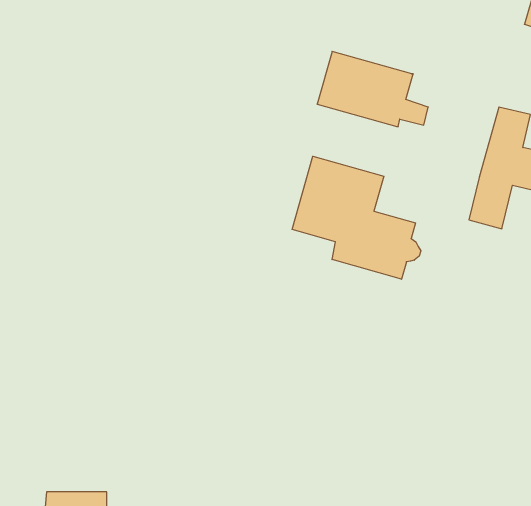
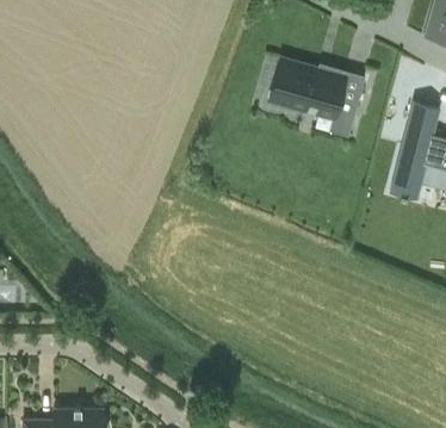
building: [292,156,421,279] -> none

